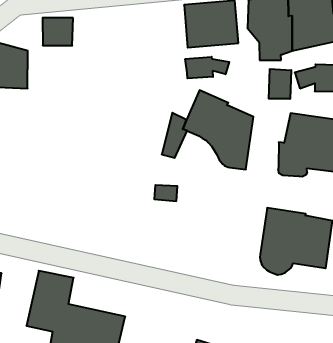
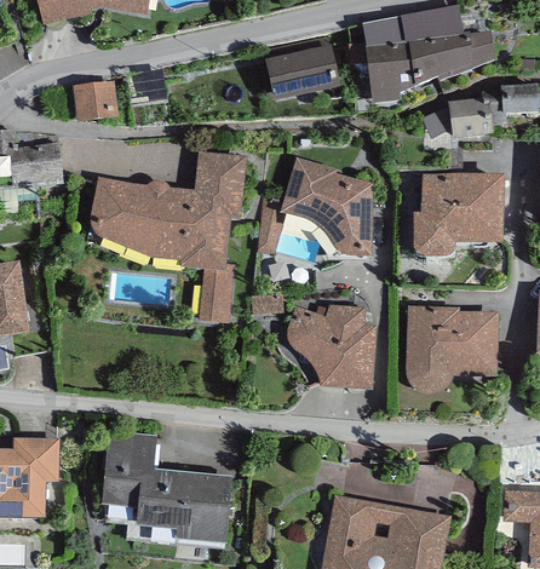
building: [185,57,229,78] -> none
building: [269,69,291,99] -> none
building: none -> [90,150,246,322]
building: none -> [287,303,375,390]

